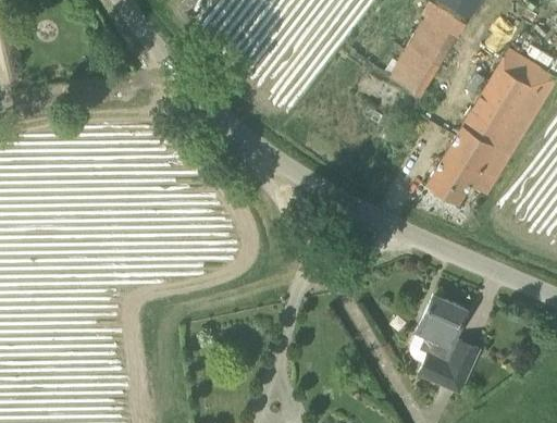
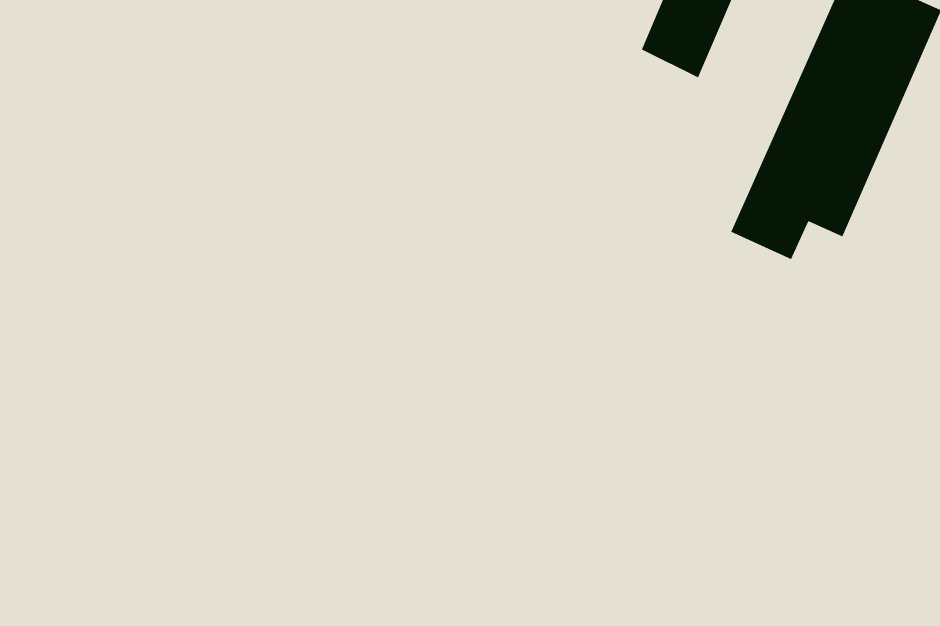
building: [409,295,479,390] -> none

